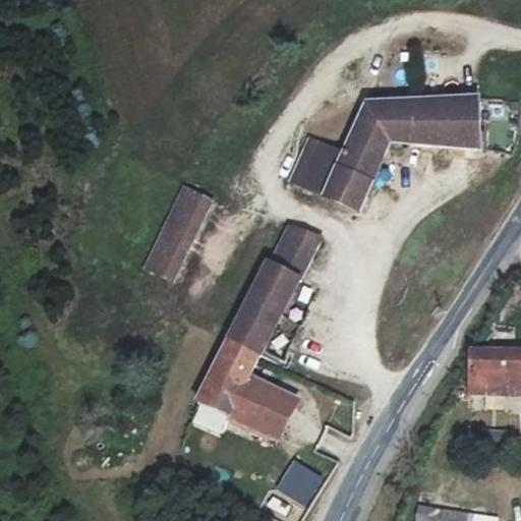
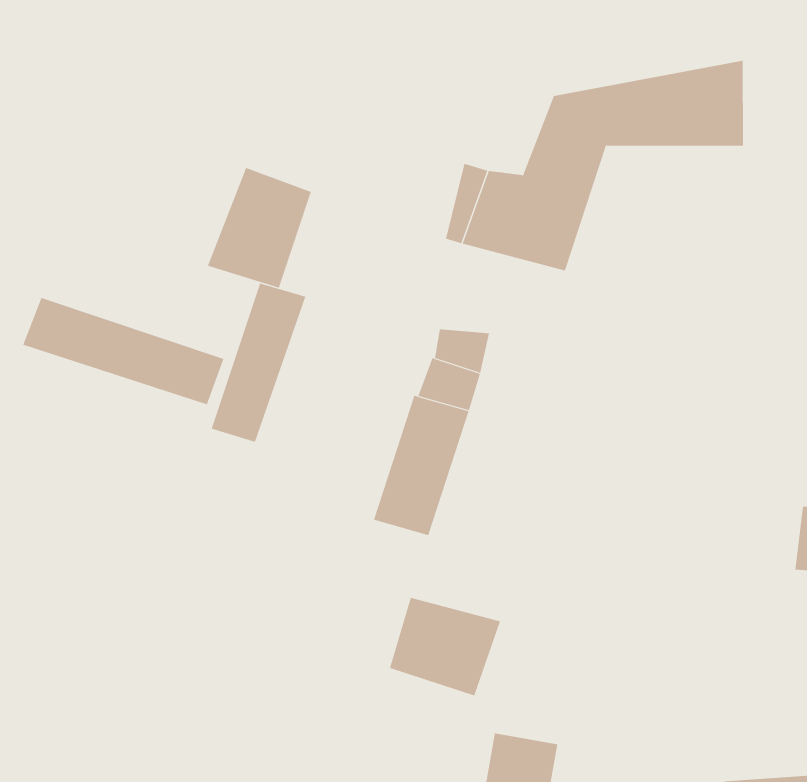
building: none -> [207,167,311,288]
building: none -> [23,297,224,405]
building: [197,331,263,416] -> none

